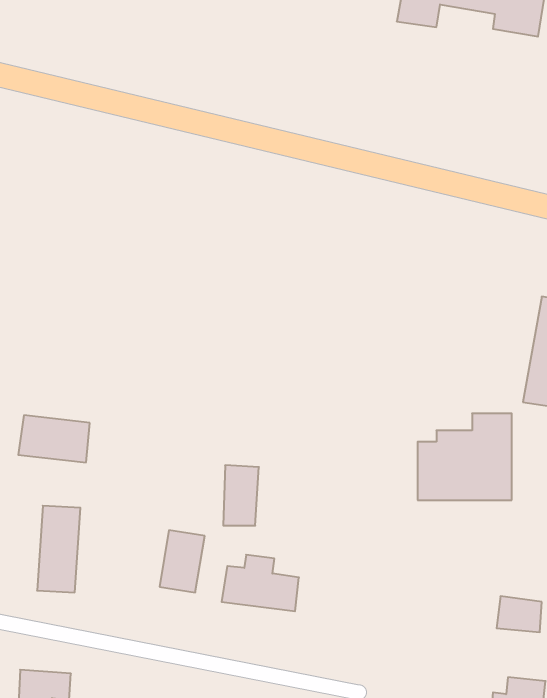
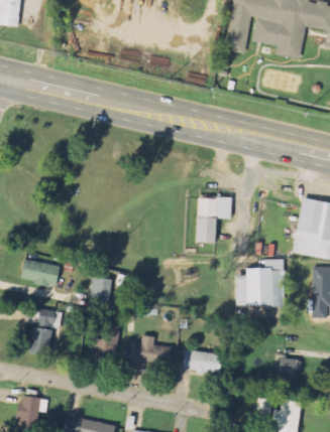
building: none -> [197,196,232,242]
building: [223,465,259,526] -> [92,277,111,309]
building: none -> [184,350,217,373]

